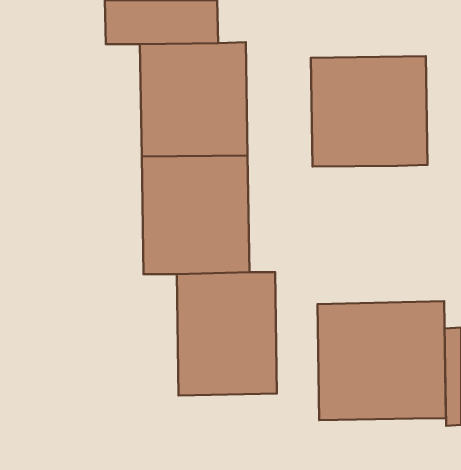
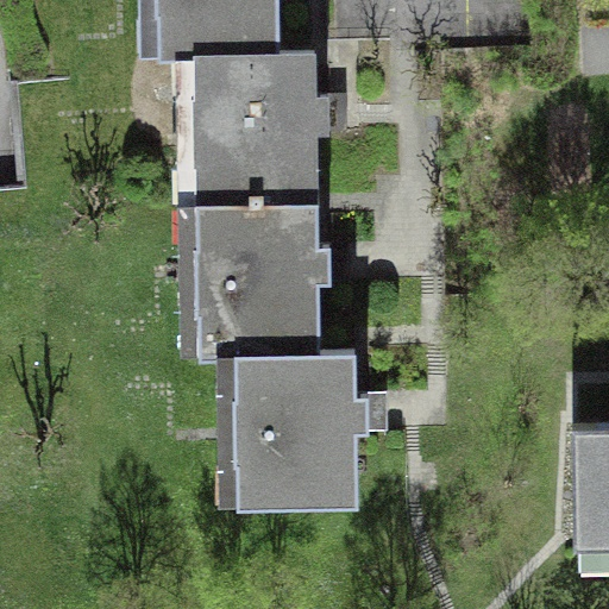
building: [311,56,428,167] -> none
building: [318,301,446,420] -> none

